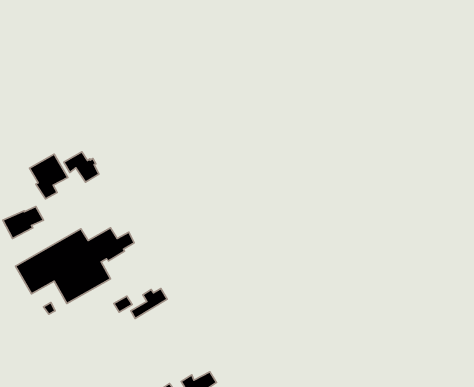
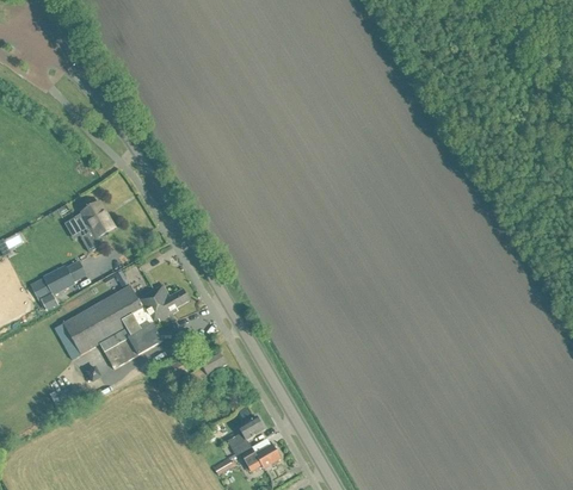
building: [64,152,99,182] -> none
building: none -> [226,416,263,455]

